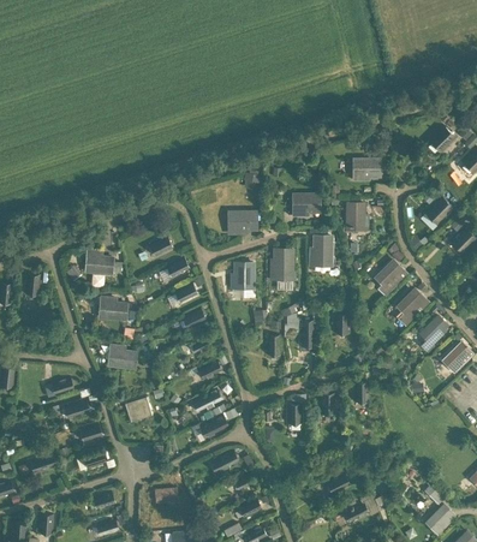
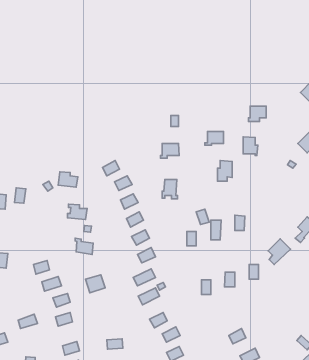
building: [269,249,294,280] -> none
building: [377,260,406,296] -> none
building: [396,288,428,324] -> [268,239,290,264]

